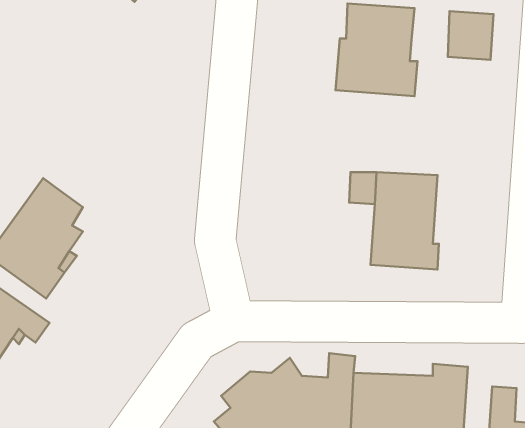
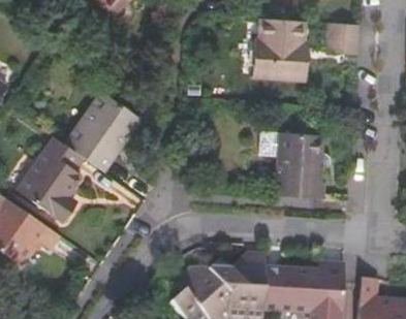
building: none -> [65,91,138,170]

